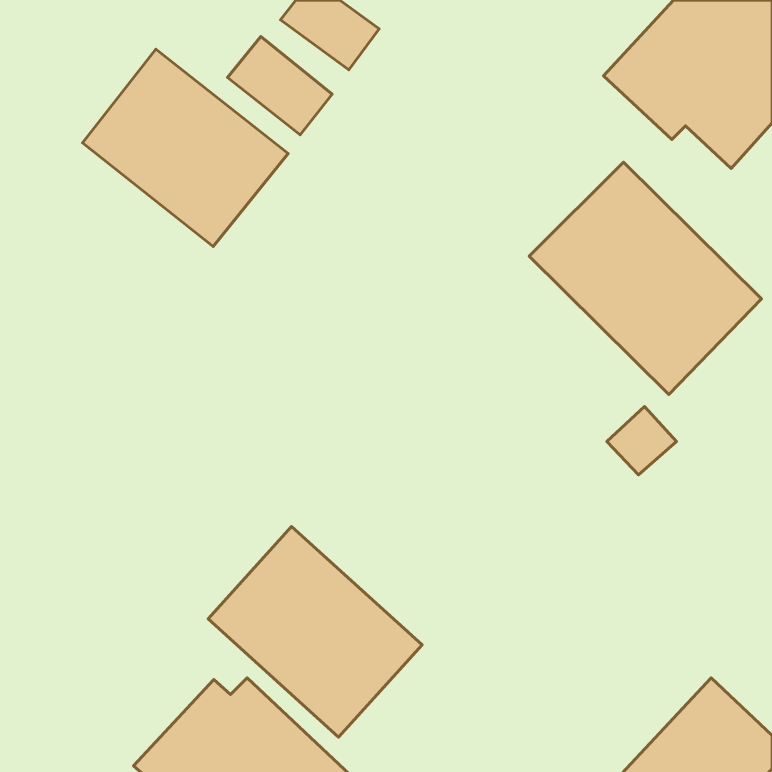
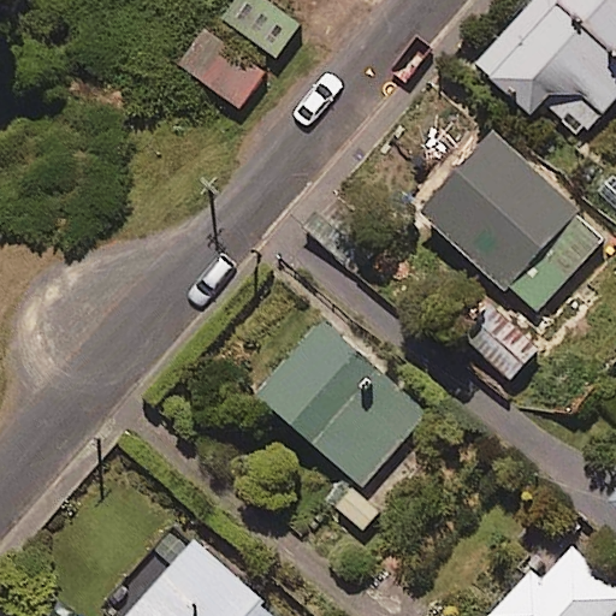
building: [82,49,288,246] -> none
building: [208,526,422,737] -> [256,321,426,488]

